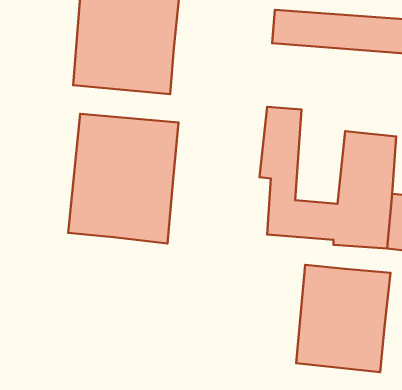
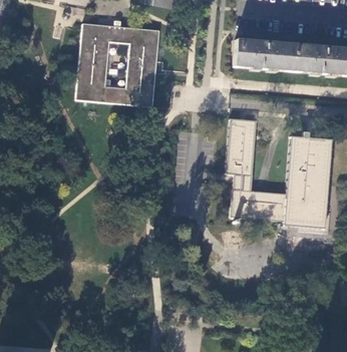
building: [68,114,179,243] -> none
building: [296,265,390,372] -> none

